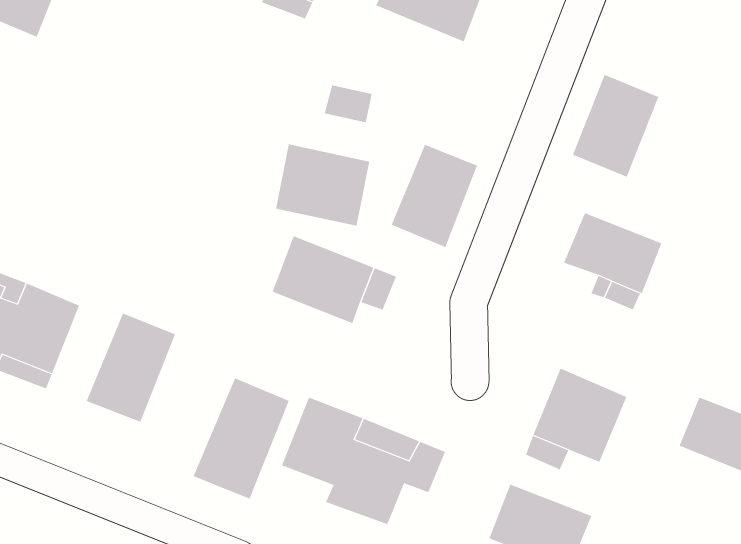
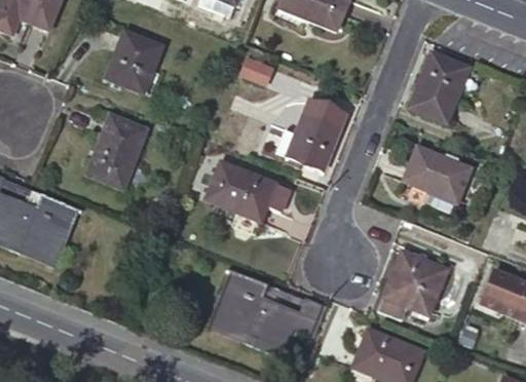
building: none -> [106,30,161,91]
building: [276,144,370,227] -> none
building: [86,313,176,422] -> [85,114,146,188]
building: [193,378,290,499] -> none

